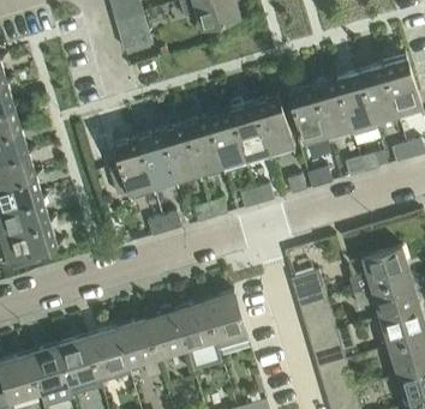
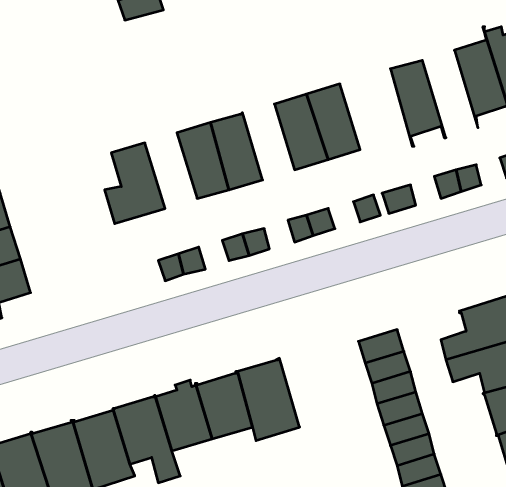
building: [336,72,376,134] -> none
building: [289,85,329,148] -> none
building: [204,107,245,164] -> none
building: [138,131,175,185] -> none

